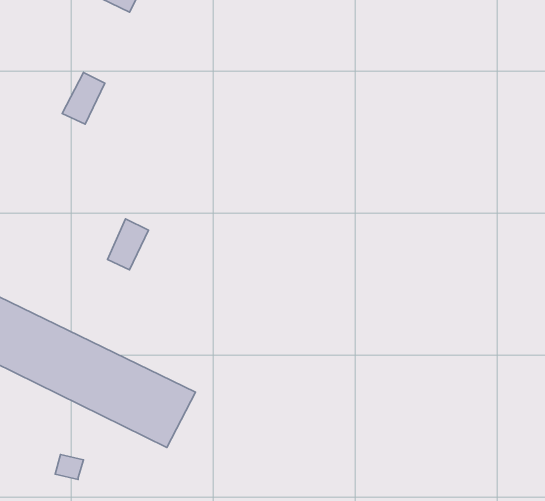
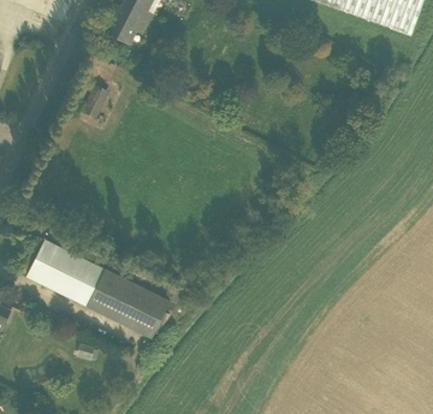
building: [107,219,149,270] -> none

